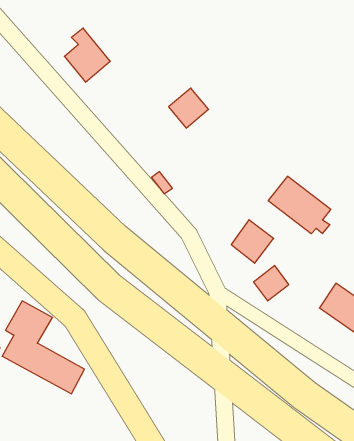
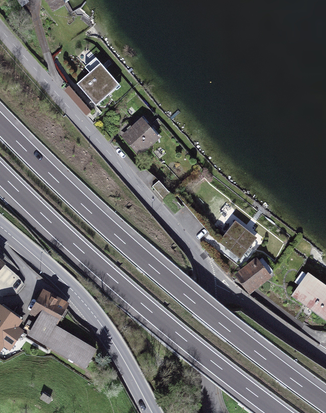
building: [169,88,209,128] -> [124,118,158,152]
building: [268,176,331,234] -> none

